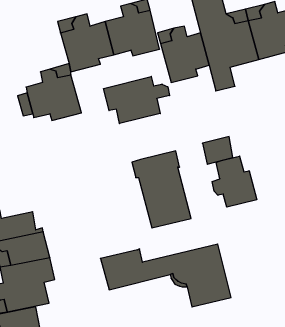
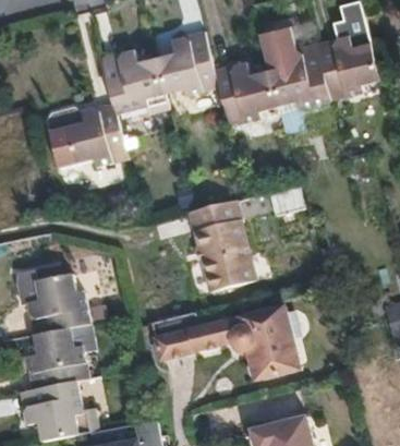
building: [104,76,170,124] -> none
building: [212,156,257,207] -> none

